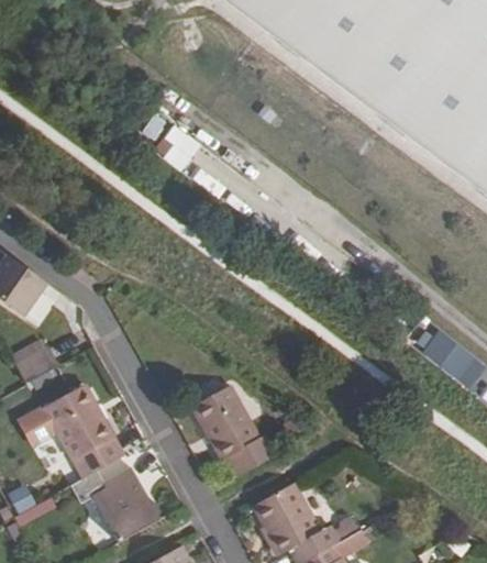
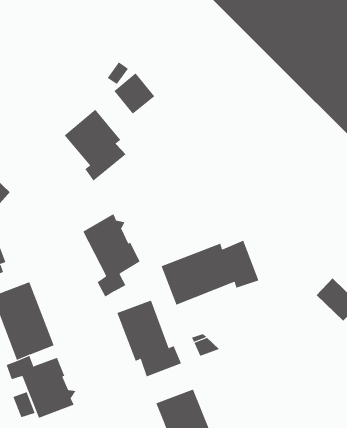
building: none -> [64,109,126,181]
building: none -> [83,213,140,297]
building: none -> [161,240,259,305]

